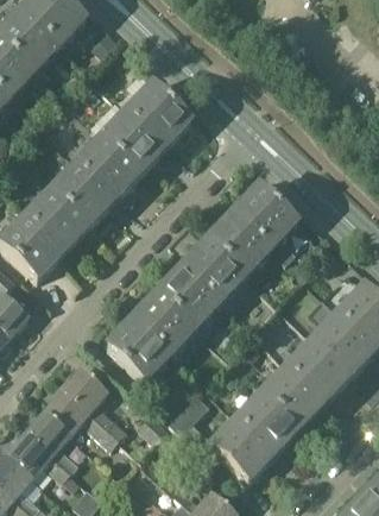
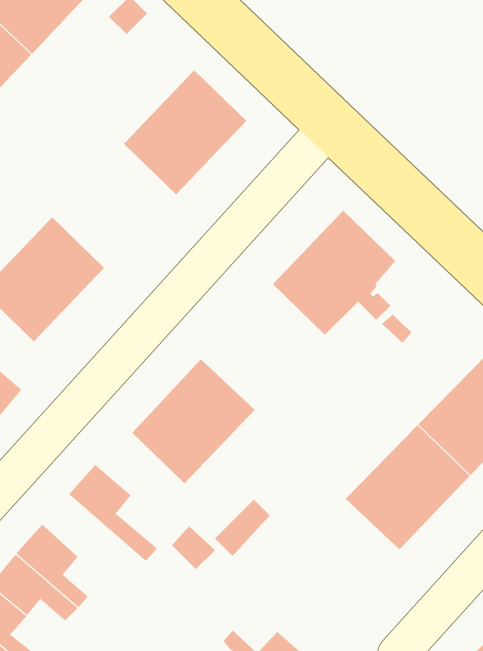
building: [51,134,140,224] -> none
building: [158,235,247,326] -> none
building: [44,386,119,443] -> none
building: [210,390,301,479] -> none

